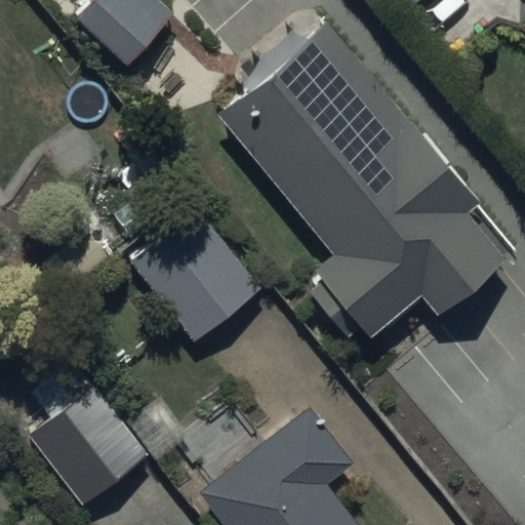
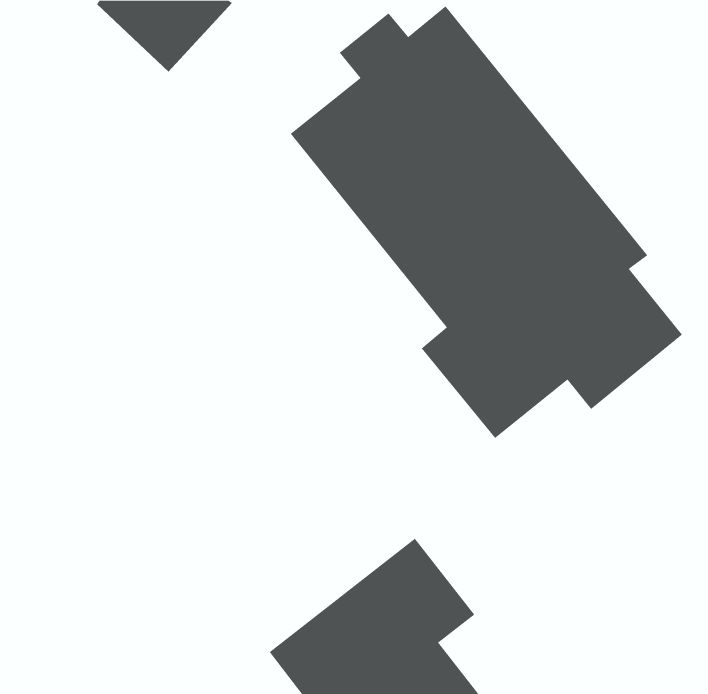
building: [128,210,261,346] -> none
building: [28,365,144,508] -> none

